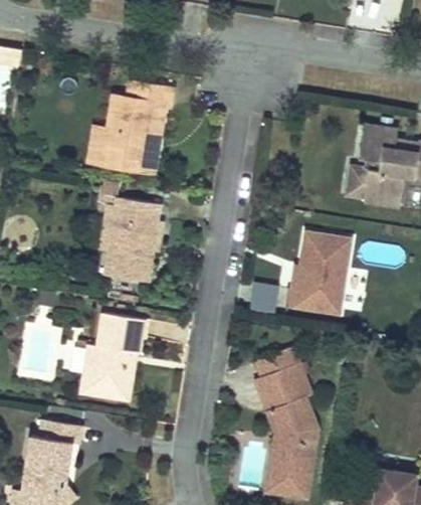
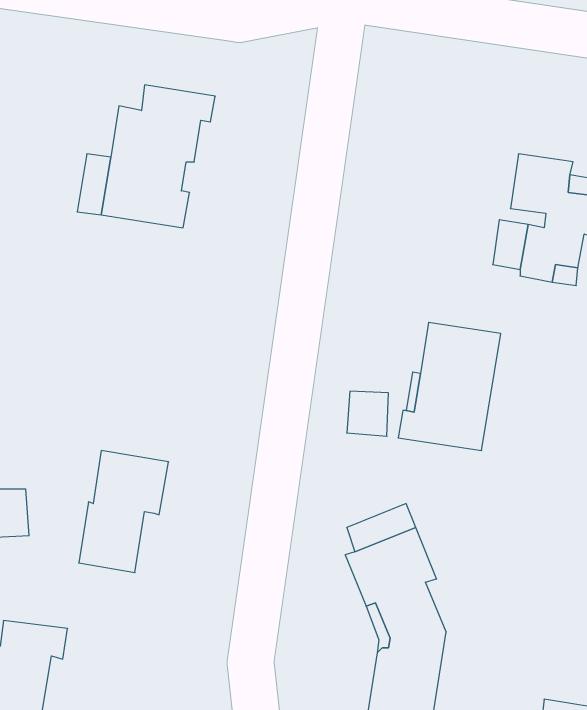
building: [103,199,158,284] -> none
building: [79,345,135,399] -> none

